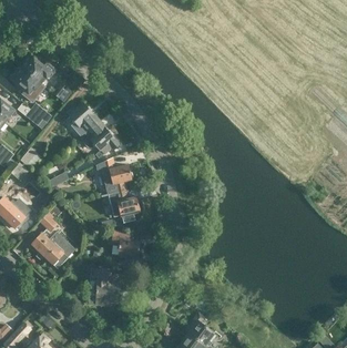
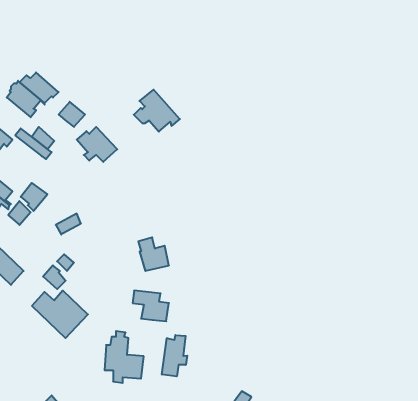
building: [83,122,120,155] -> [134,90,180,132]
building: [96,158,132,195] -> none
building: none -> [162,335,187,376]

